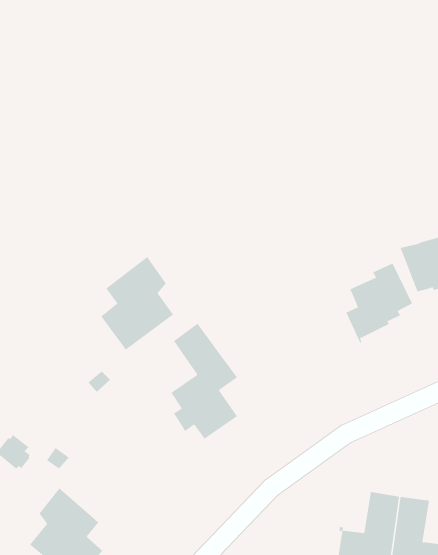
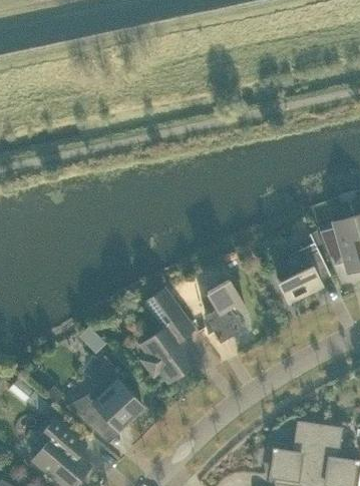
building: [100,256,174,350] -> none
building: none -> [206,280,247,340]
building: none -> [68,358,142,440]

